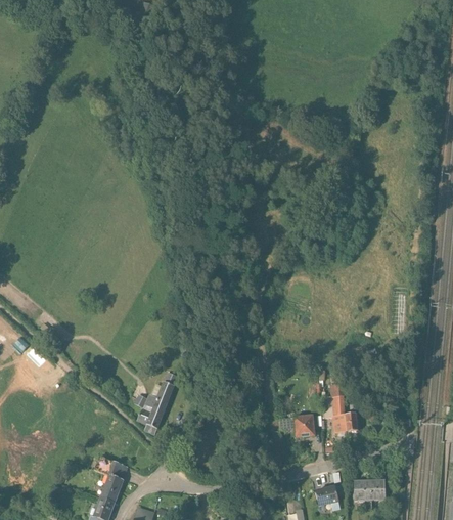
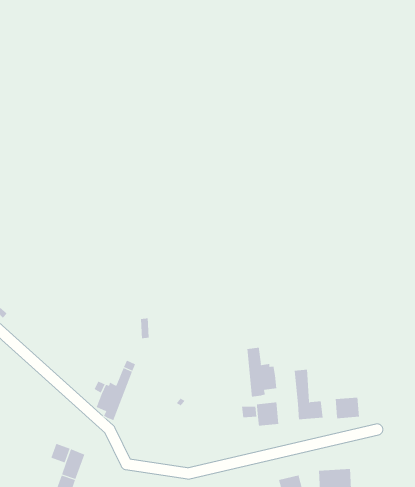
building: none -> [247,347,277,397]
building: none -> [335,397,360,419]

